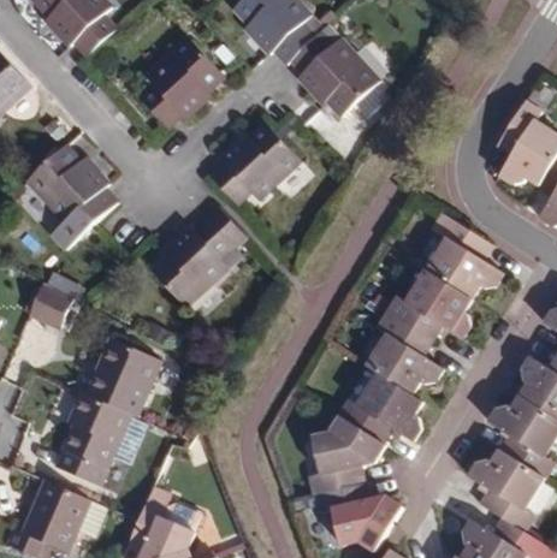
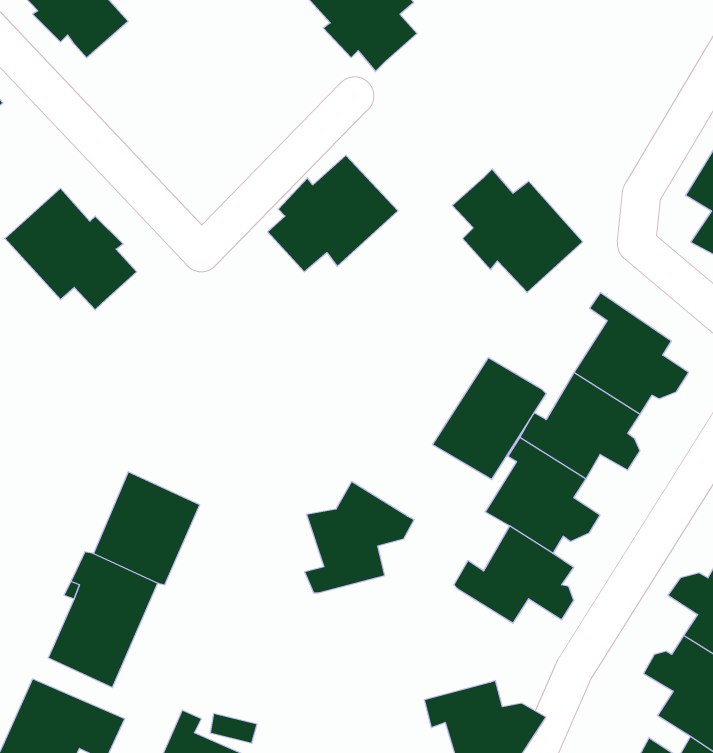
building: [290,29,380,114] -> [452,169,583,292]
building: [138,31,223,123] -> none
building: [148,215,232,308] -> none
building: none -> [433,358,546,480]
building: [29,284,75,327] -> none
building: [307,419,383,495] -> [305,481,414,593]

